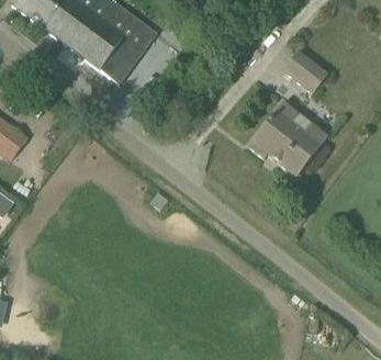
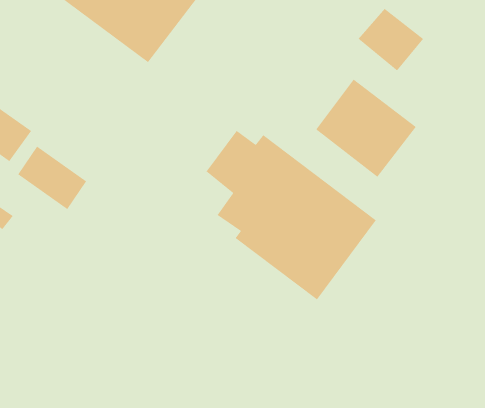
building: none -> [205,130,377,300]
building: none -> [17,145,87,210]

